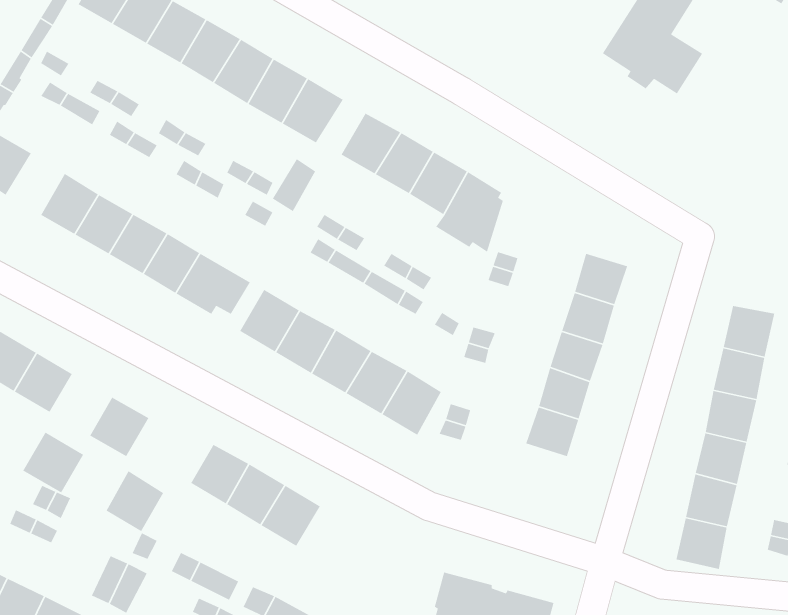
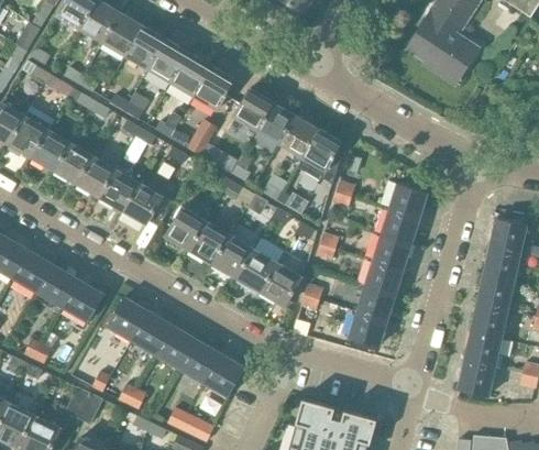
building: none -> [8,106,52,157]
building: [22,431,84,494] -> [36,264,78,306]
building: none -> [349,311,385,347]
building: [105,470,164,532] -> [107,296,146,338]
building: none -> [202,353,244,395]

